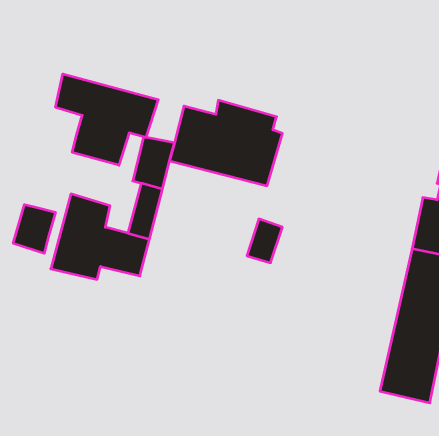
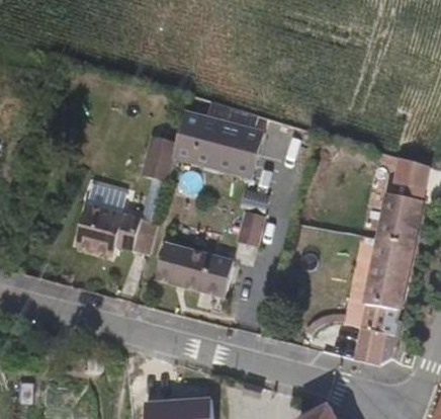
building: [56,74,158,165] -> none
building: [13,205,55,253] -> none
building: none -> [152,240,232,297]

